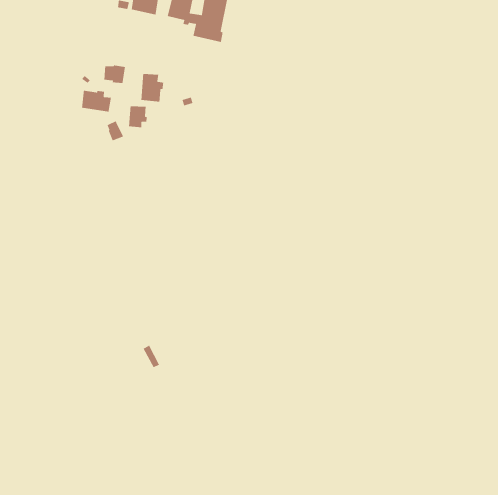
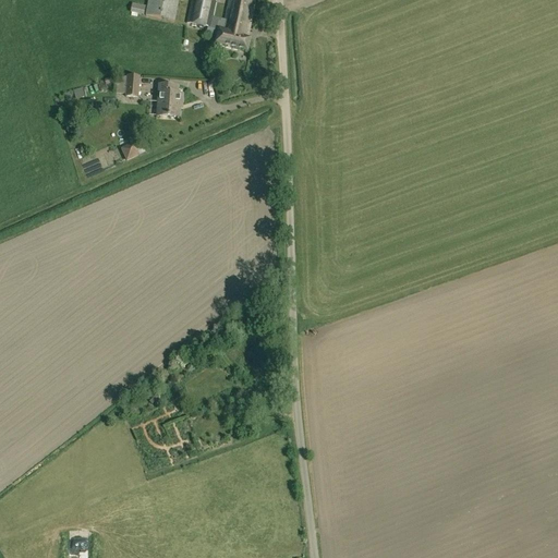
building: [81,90,112,113] -> none
building: [128,105,147,128] -> none

